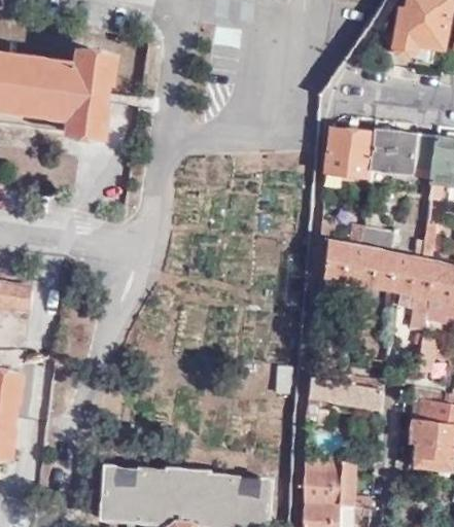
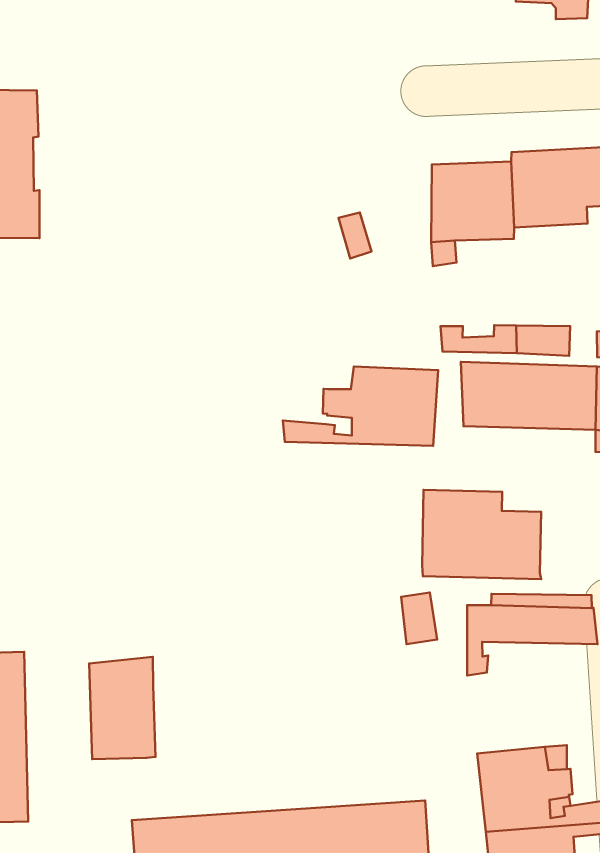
building: none -> [283,366,438,446]
building: none -> [422,490,541,579]
building: none -> [89,657,156,759]

